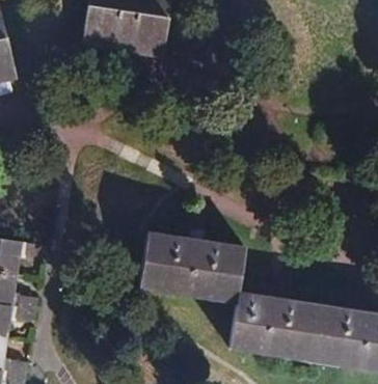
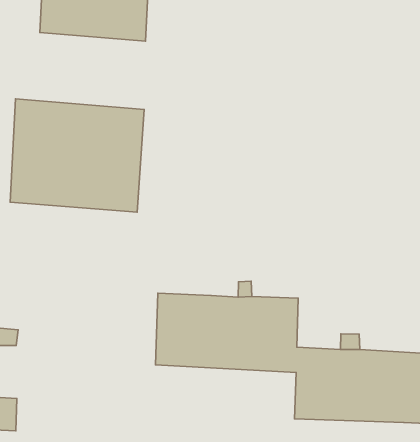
building: none -> [10,99,144,212]

